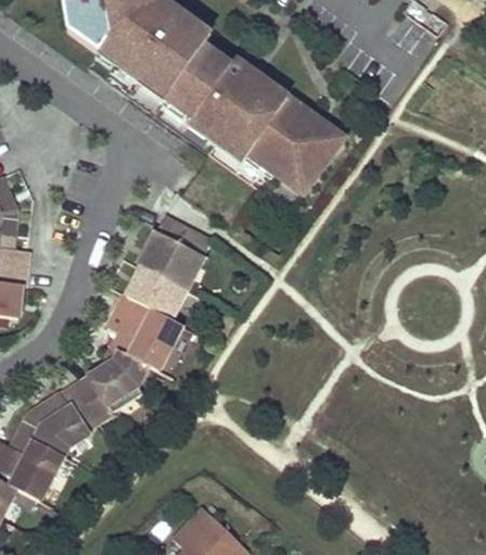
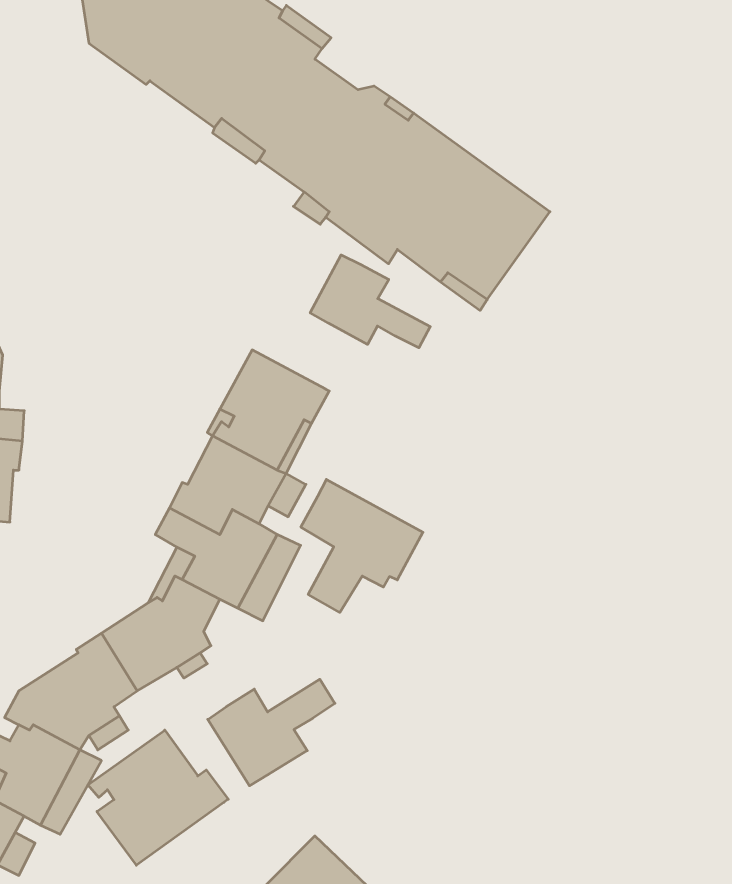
building: none -> [310,255,430,348]
building: none -> [301,479,423,612]
building: none -> [208,679,335,786]
building: none -> [88,730,228,865]

